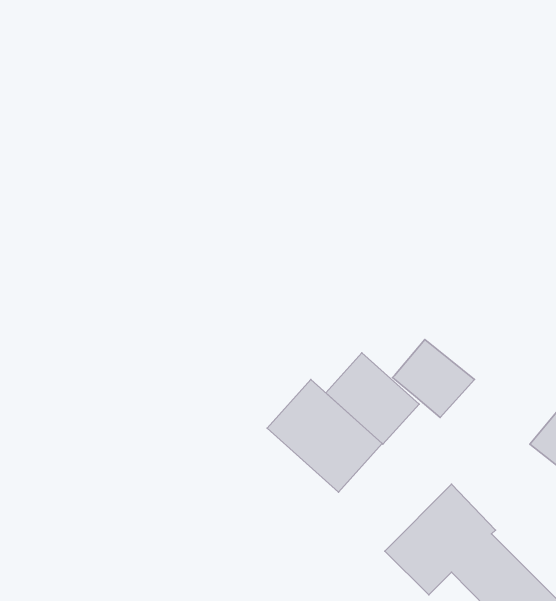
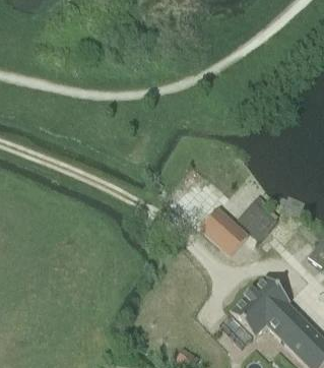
building: [267,379,382,492] -> none

